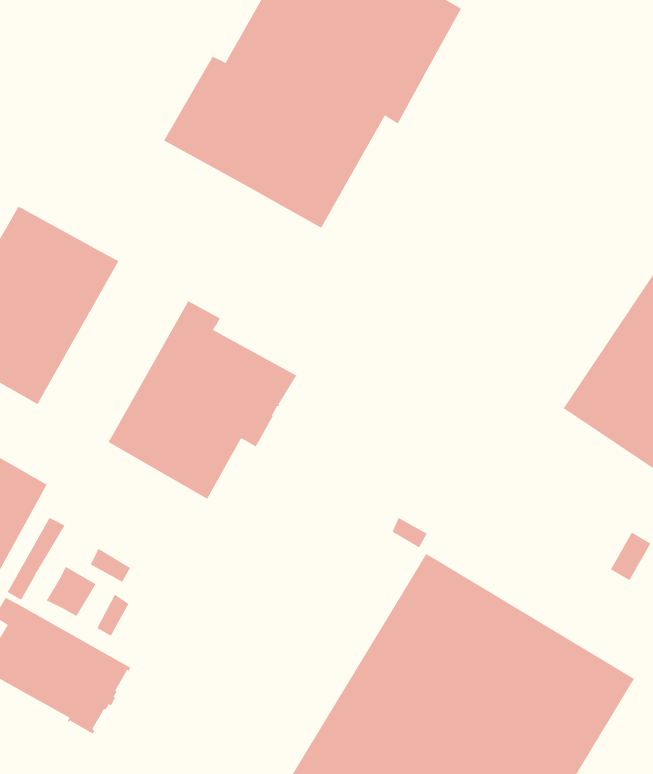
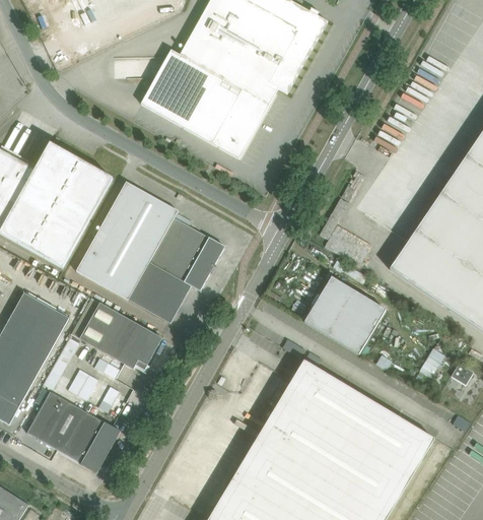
building: none -> [75,184,156,290]
building: none -> [304,277,386,354]
building: none -> [71,297,163,369]

